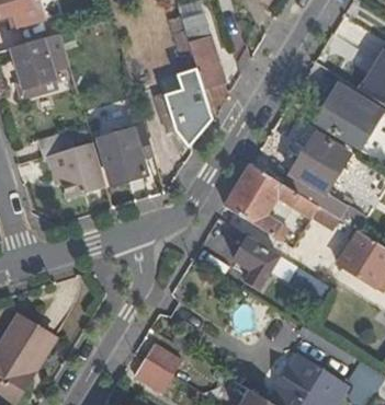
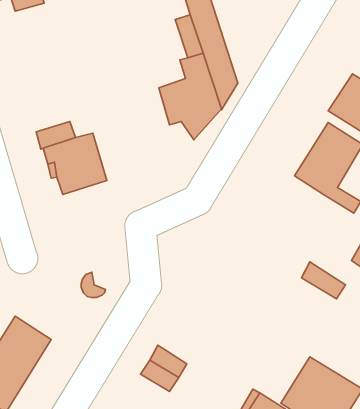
building: [12,34,68,99] -> none
building: [95,126,150,187] -> none
building: [224,163,309,239] -> none
building: [231,238,276,288] -> none

